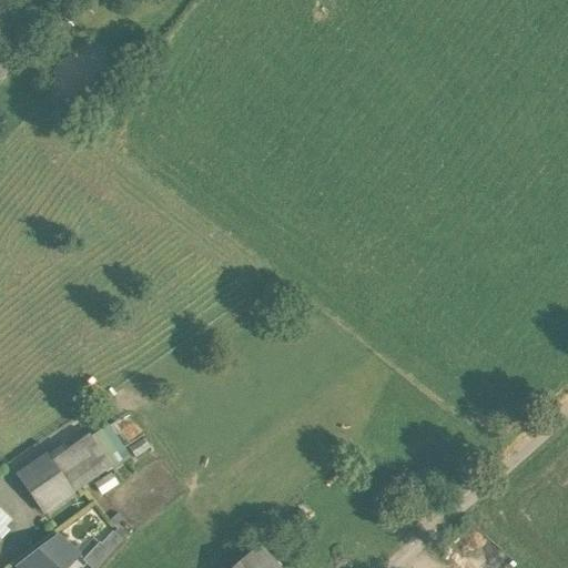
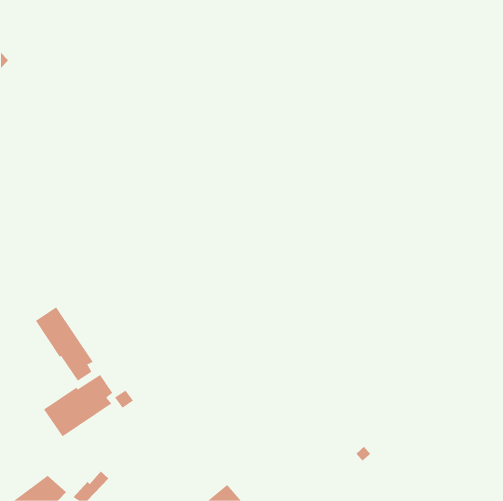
building: none -> [35,307,93,381]
building: [17,457,70,513] -> none

